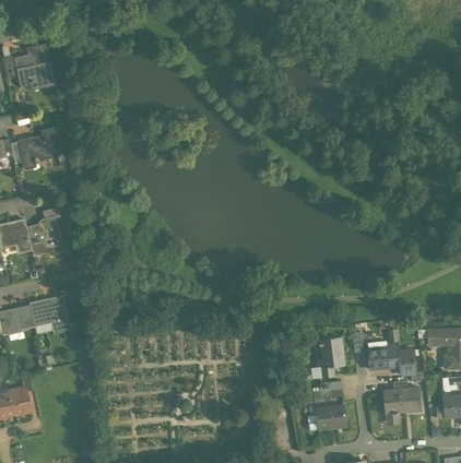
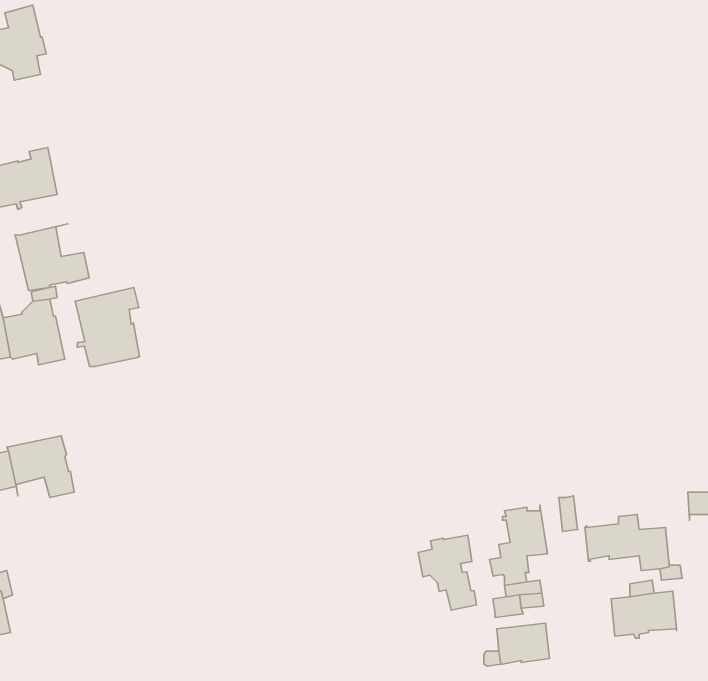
building: none -> [15,224,89,291]
building: none -> [75,287,140,367]
building: none -> [418,535,476,610]

